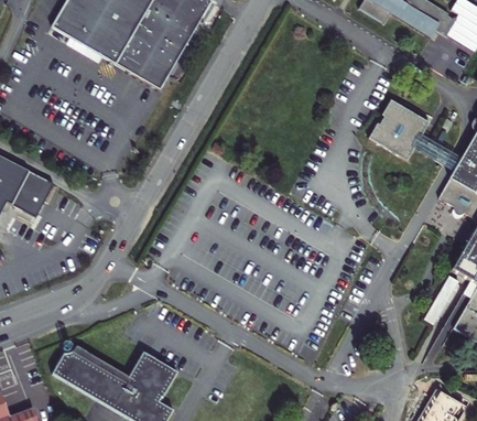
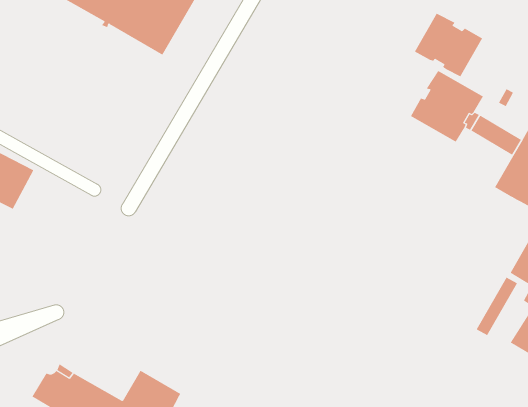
building: none -> [414,13,483,77]

